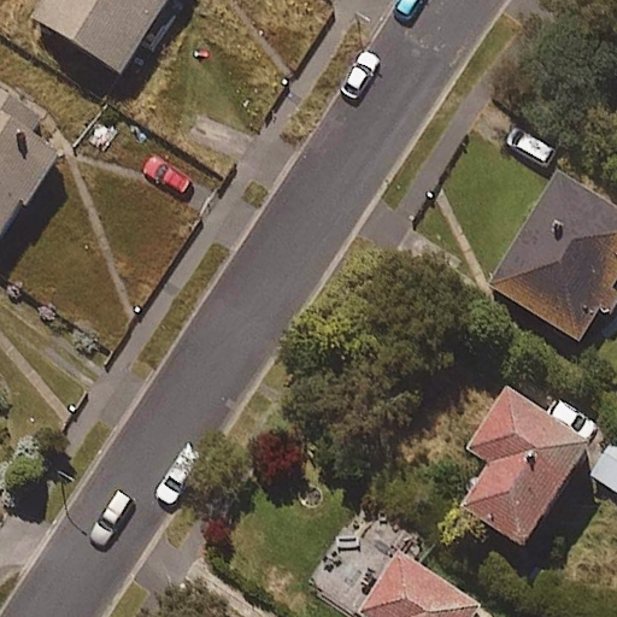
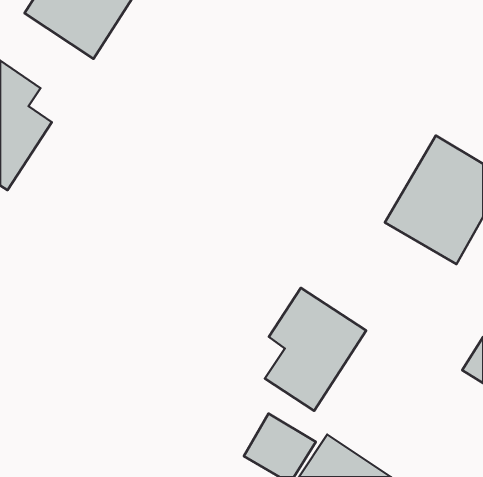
building: [459,395,588,552] -> [265,288,366,411]

